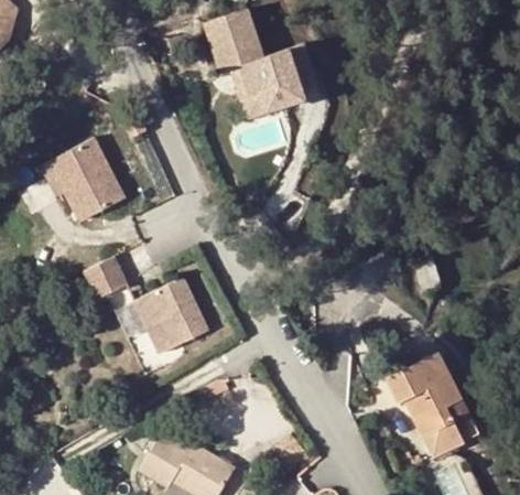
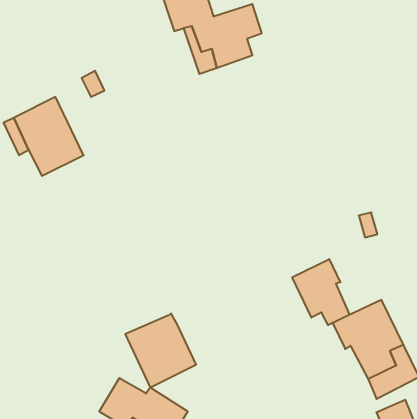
building: [84,258,127,302] -> none
building: [133,279,208,357] -> [125,313,196,387]
building: none -> [292,259,350,325]

